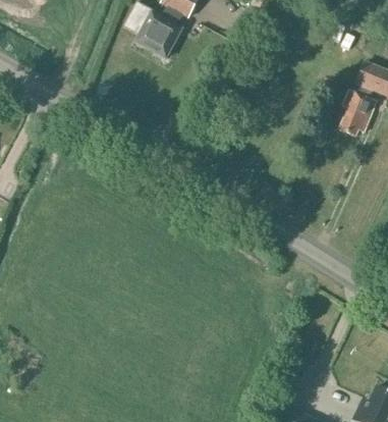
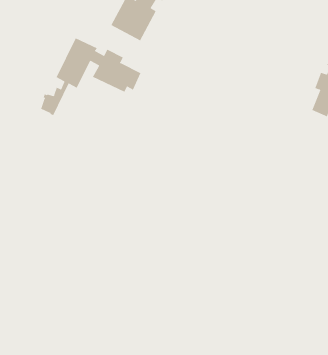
building: none -> [40,38,141,116]

